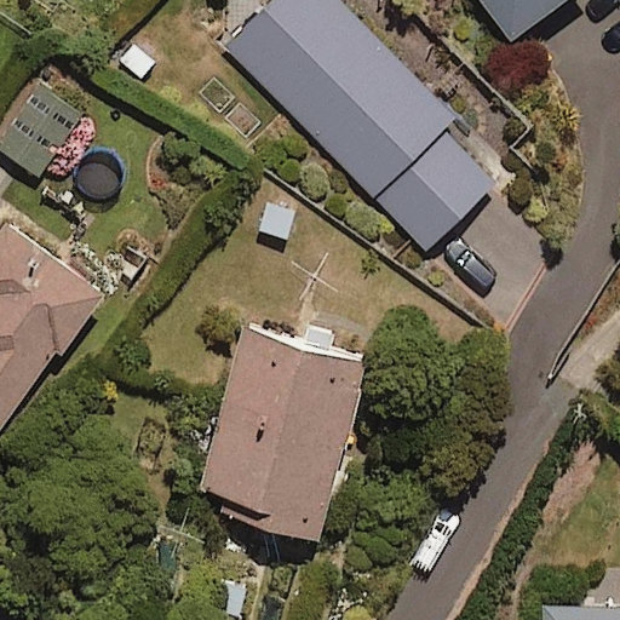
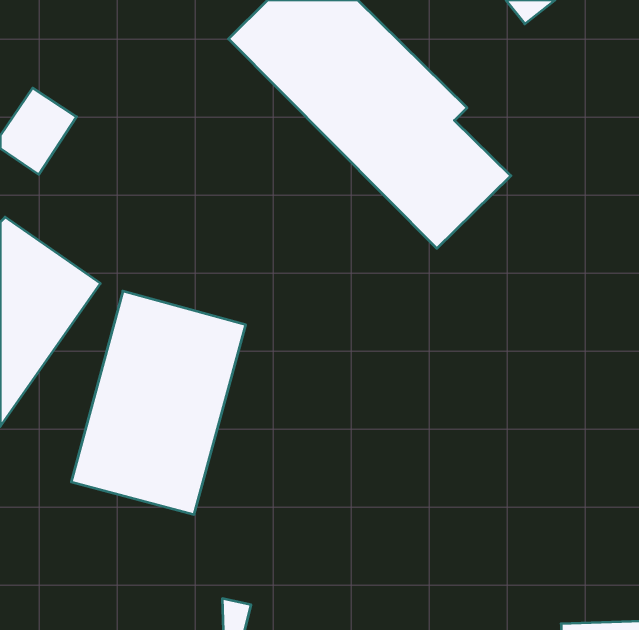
building: [199,322,367,538] -> [71,291,246,514]

